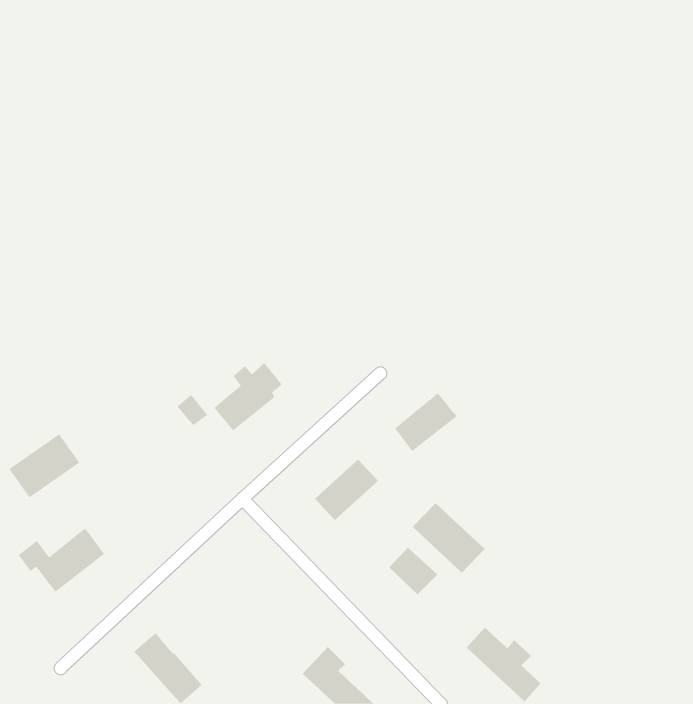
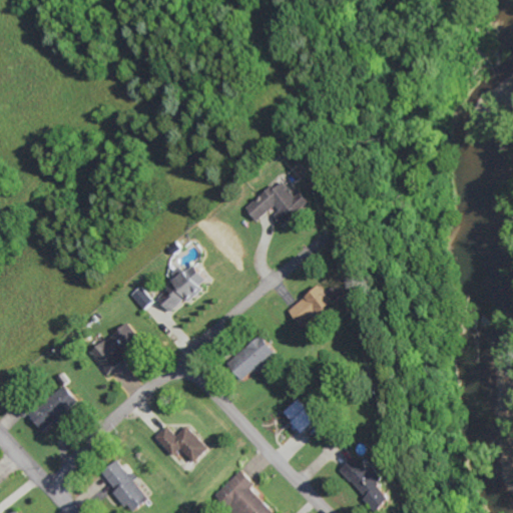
building: none -> [241,182,309,224]
building: [9,434,80,498] -> [88,325,140,372]
building: [412,502,485,573] -> none
building: none -> [154,425,208,463]

